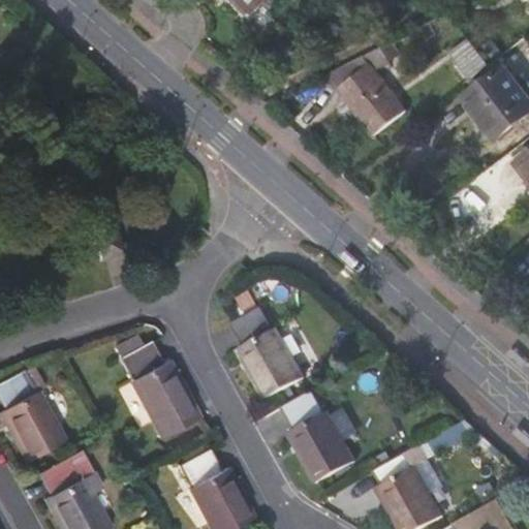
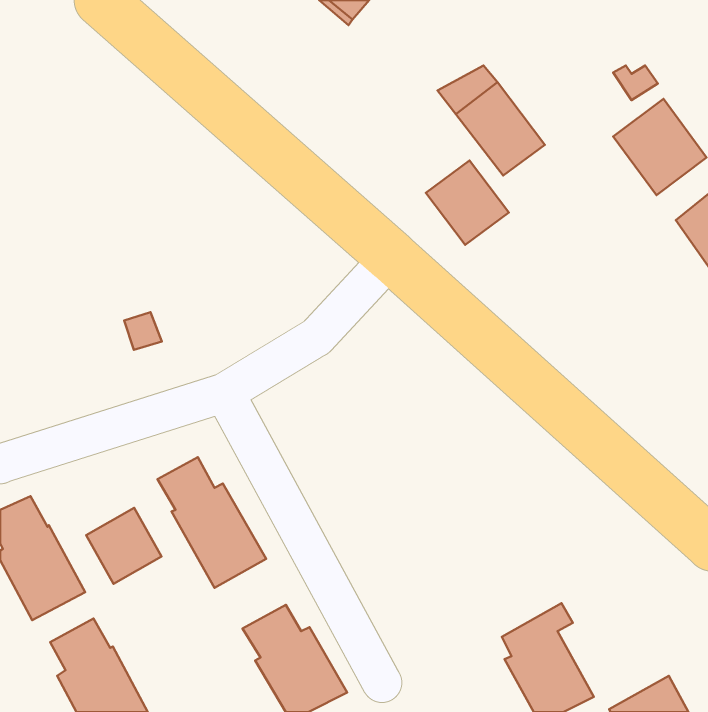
building: none -> [426,161,509,245]
building: [229,307,302,399] -> none
building: none -> [86,508,162,584]
building: [281,391,356,484] -> none

